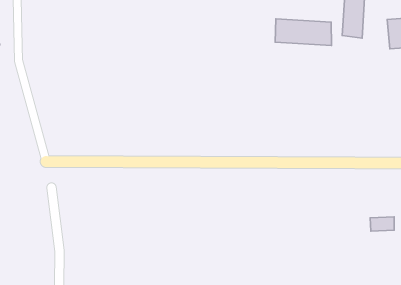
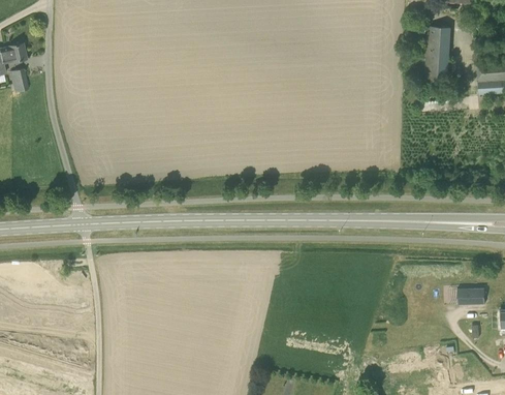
building: [275,19,332,46] -> none

